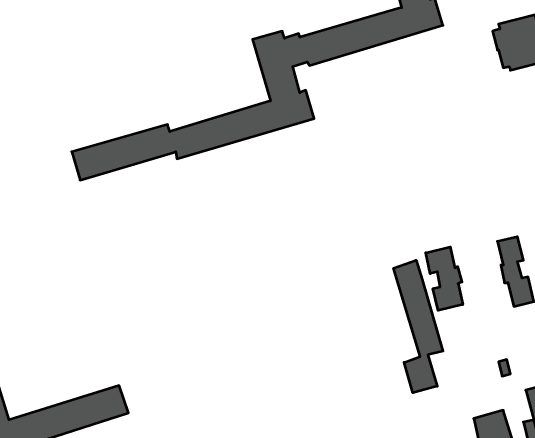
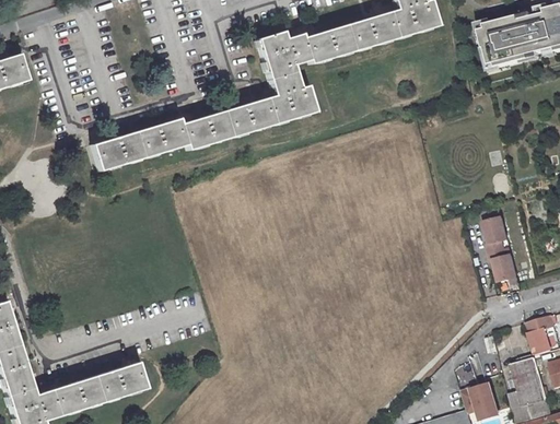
building: [426,247,463,310] -> none
building: [394,260,443,393] -> none

